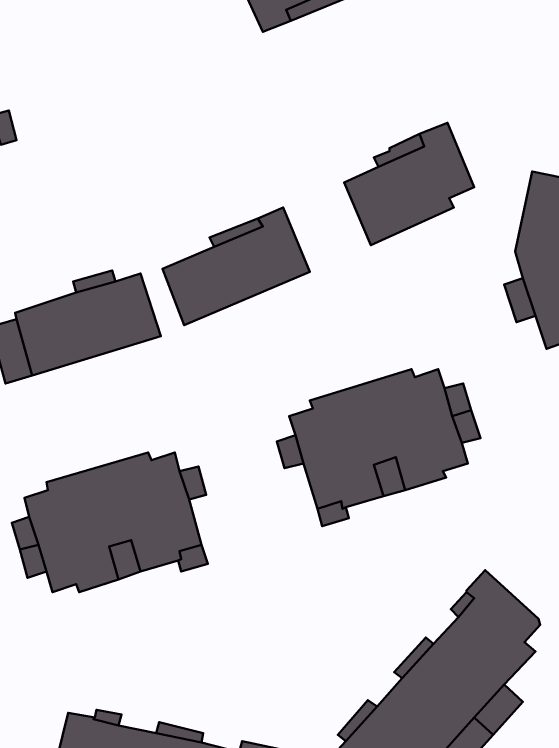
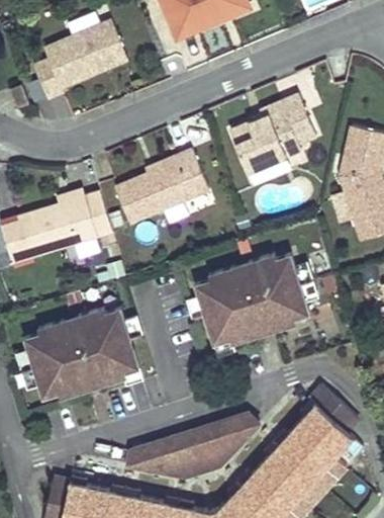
building: none -> [32,21,127,99]
building: none -> [126,414,259,479]

